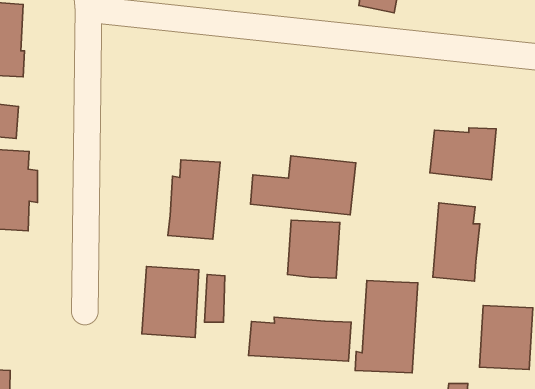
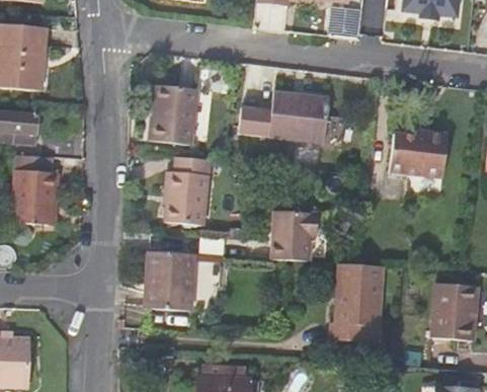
building: none -> [149,86,197,146]
building: [250,156,356,215] -> [241,91,331,142]
building: [433,203,480,281] -> none
building: [248,317,351,361] -> none

